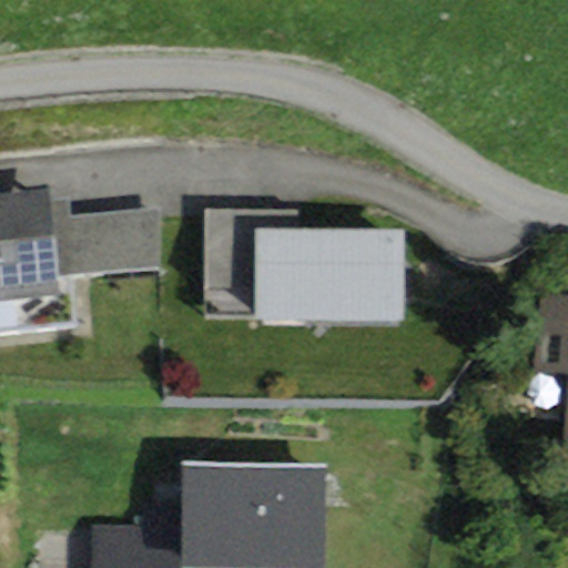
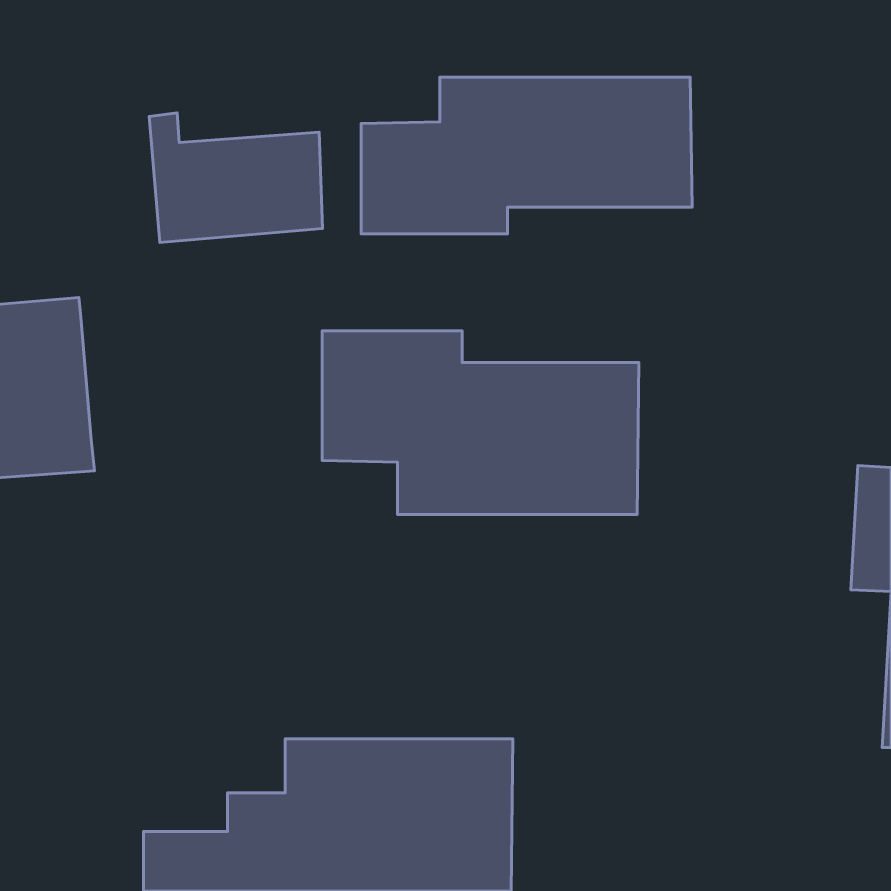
building: none -> [361,77,692,234]
building: [51,196,161,278] -> [149,113,323,242]

